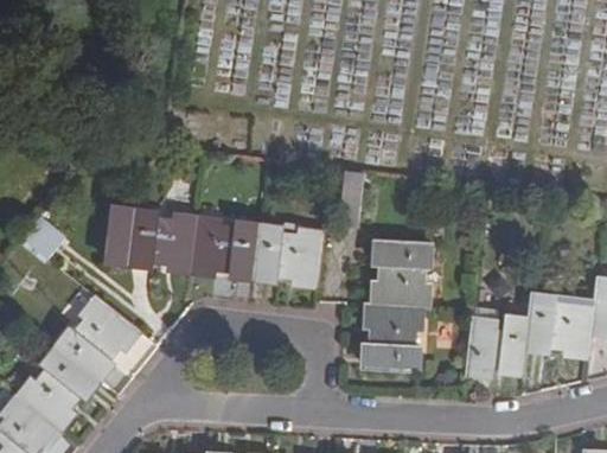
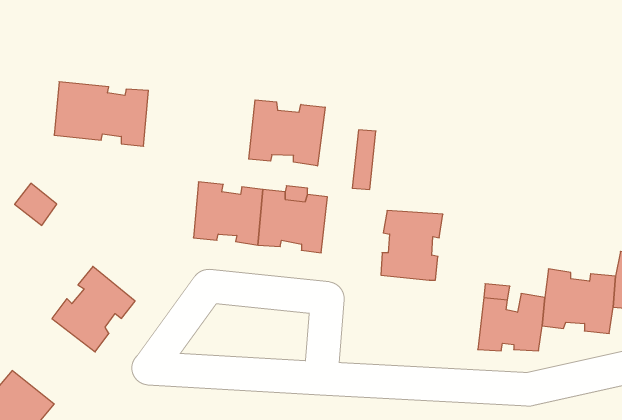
building: none -> [249,100,325,166]
building: [107,208,197,269] -> [54,82,148,146]
building: [359,305,417,372] -> none
building: [19,346,98,428] -> none

